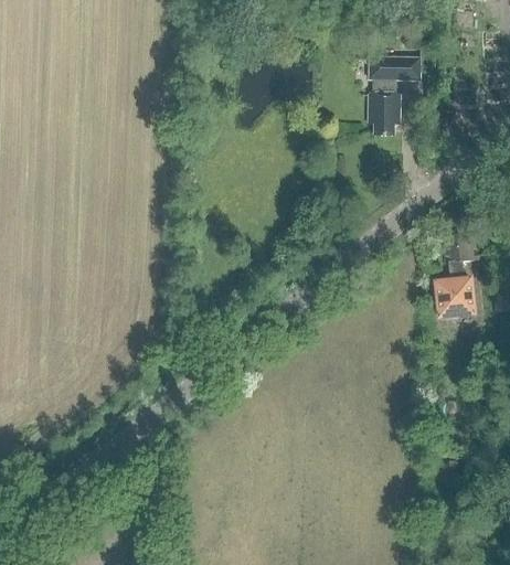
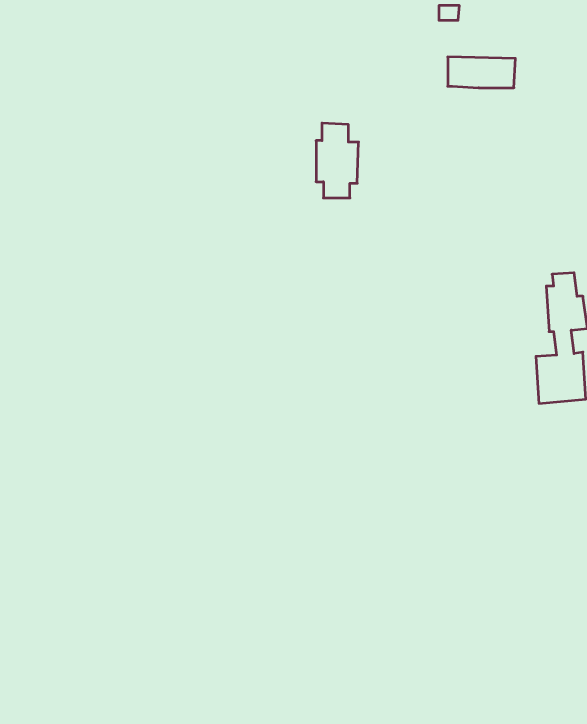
building: [369,78,401,135] -> [316,123,359,198]

